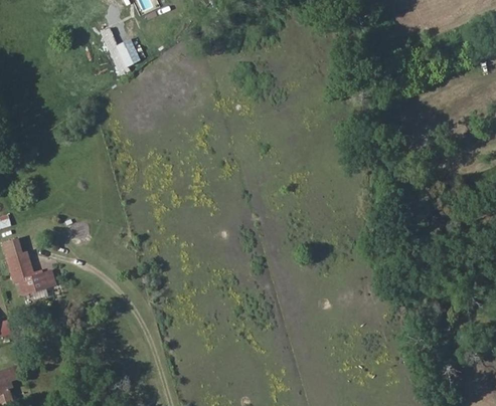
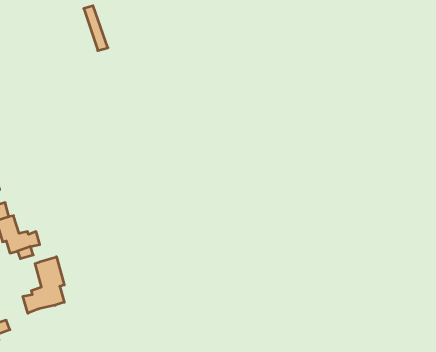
building: none -> [23,257,64,313]

